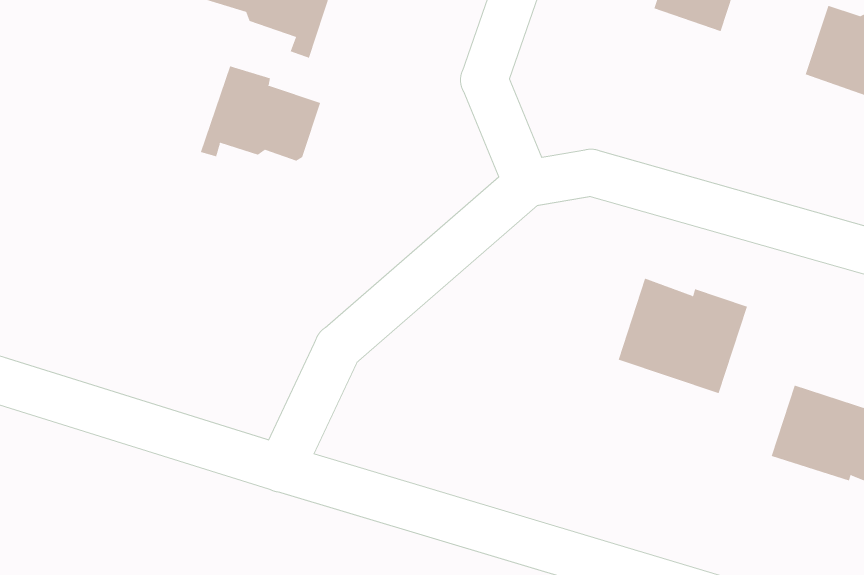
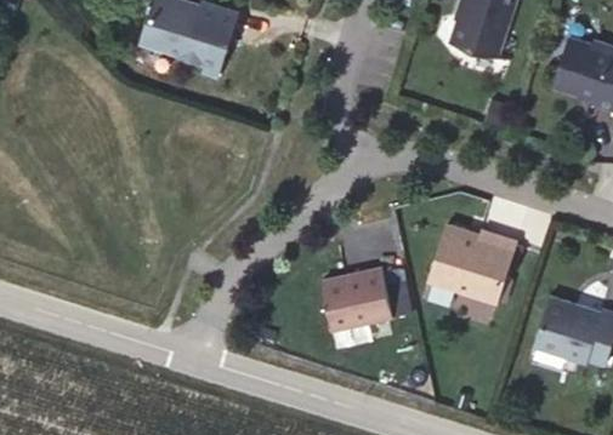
building: [200,65,321,161] -> none
building: none -> [320,269,391,331]

